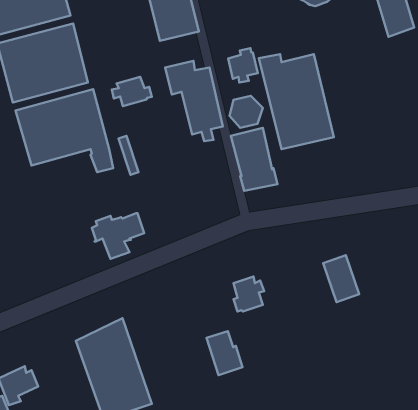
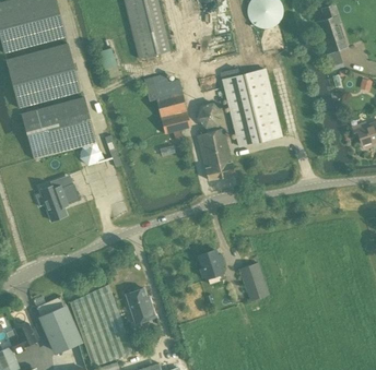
building: [228,48,258,83] -> none
building: [112,77,152,106] -> none
building: [92,213,144,259] -> [36,183,79,220]
building: [323,255,359,302] -> [239,263,269,301]
building: [206,331,242,375] -> [126,288,155,324]
building: none -> [34,296,80,351]

